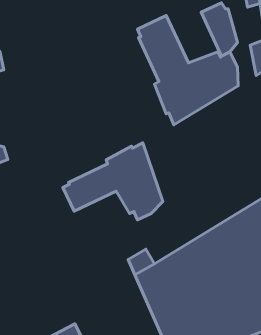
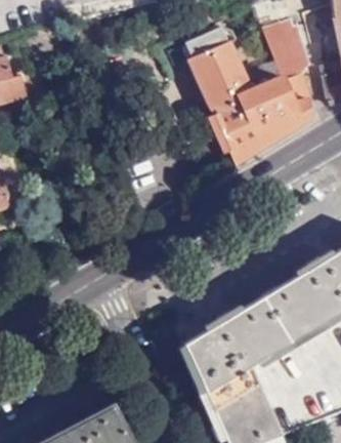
building: [63,143,163,220] -> none

